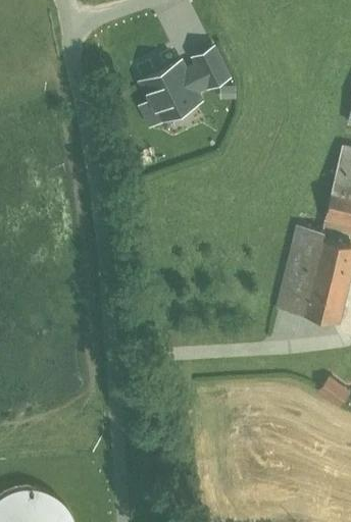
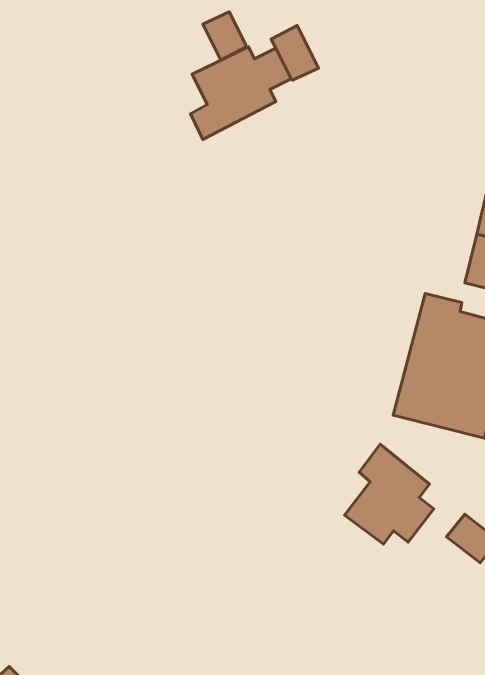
building: none -> [203,12,246,60]
building: none -> [345,444,434,544]

